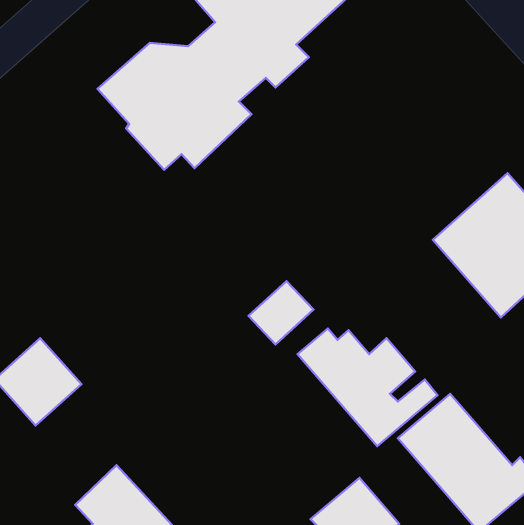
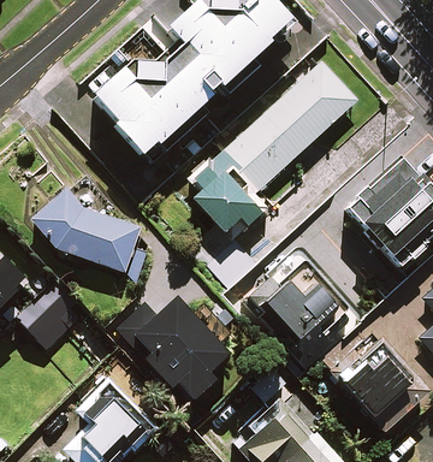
building: none -> [192,61,356,231]
building: none -> [34,189,138,272]
building: none -> [113,297,229,403]

